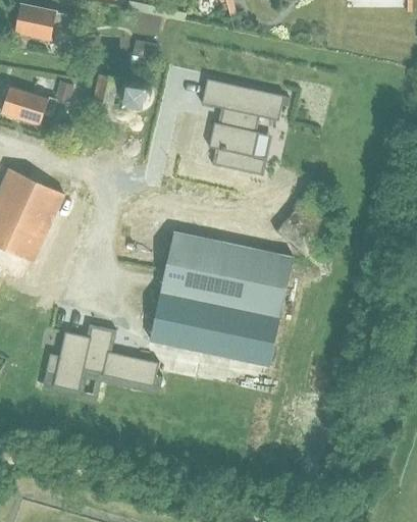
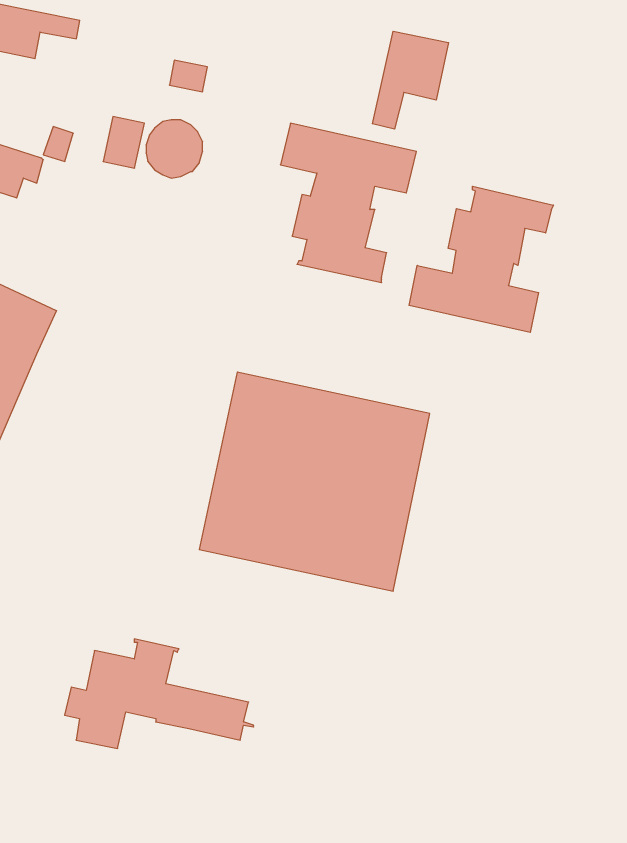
building: none -> [372,31,449,129]
building: none -> [409,186,553,332]
building: [46,324,162,392] -> [65,639,254,748]

